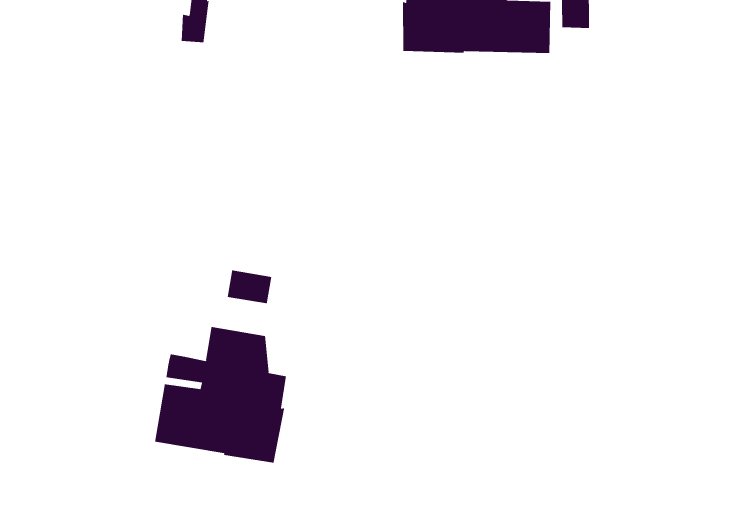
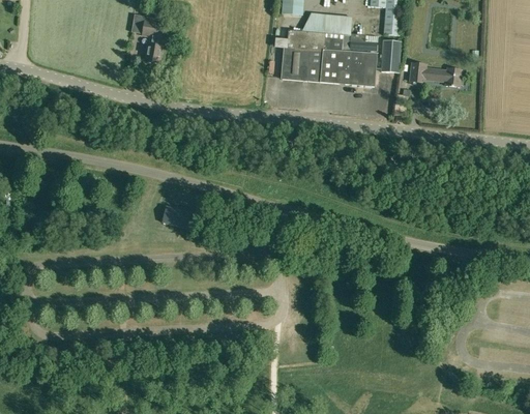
building: none -> [409,63,460,86]
building: [155,326,287,463] -> none

